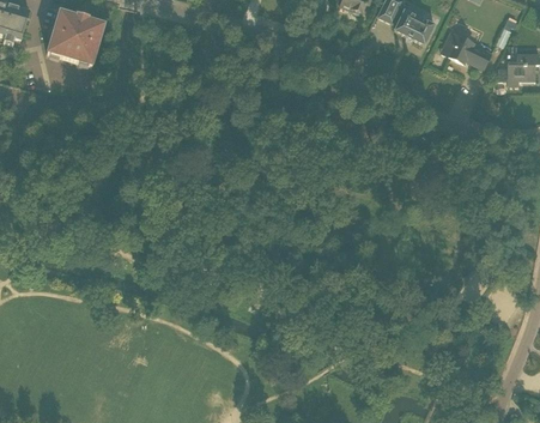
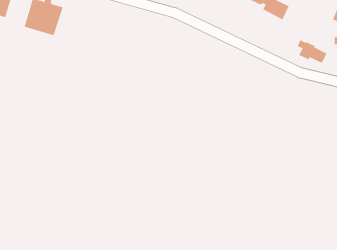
building: [445,35,490,70] -> [297,40,327,63]

